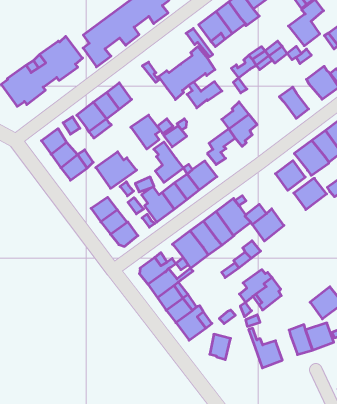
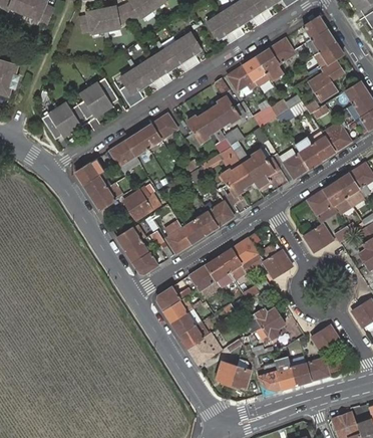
building: none -> [309,131,335,160]
building: [131,115,161,149] -> [150,114,177,145]
building: [154,142,183,182] -> [222,148,248,185]
building: [275,161,305,190] -> [283,152,310,179]
building: none -> [274,357,296,389]
building: none -> [230,359,251,388]

